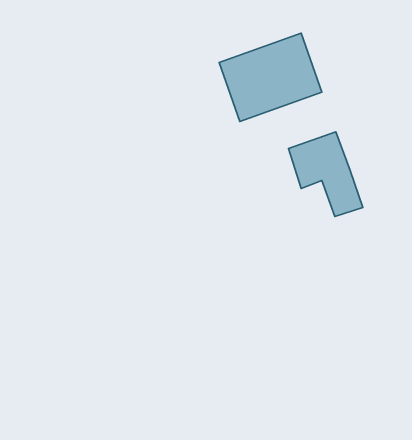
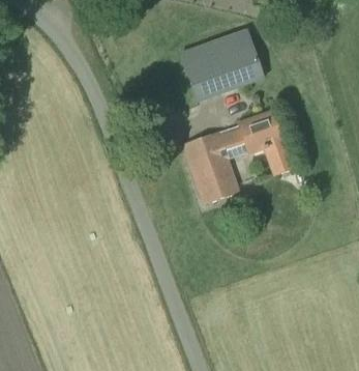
building: none -> [183,131,242,203]

